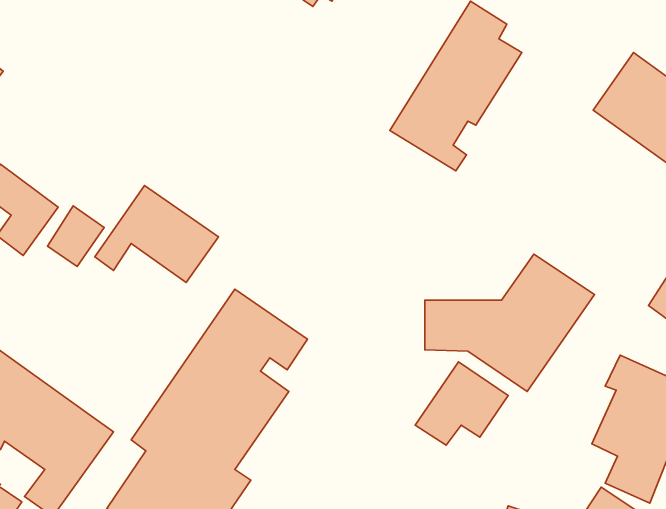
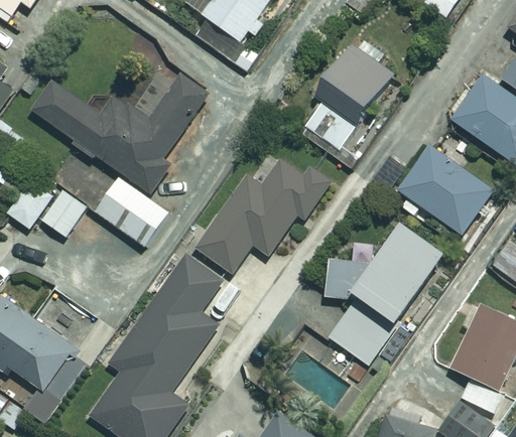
building: none -> [30,71,210,191]
building: none -> [397,132,496,232]
building: none -> [194,157,332,272]

